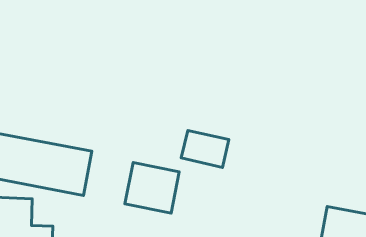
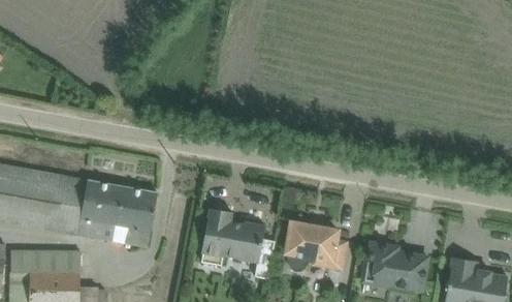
building: [181,130,229,168] -> [282,220,342,267]
building: none -> [364,243,429,294]

